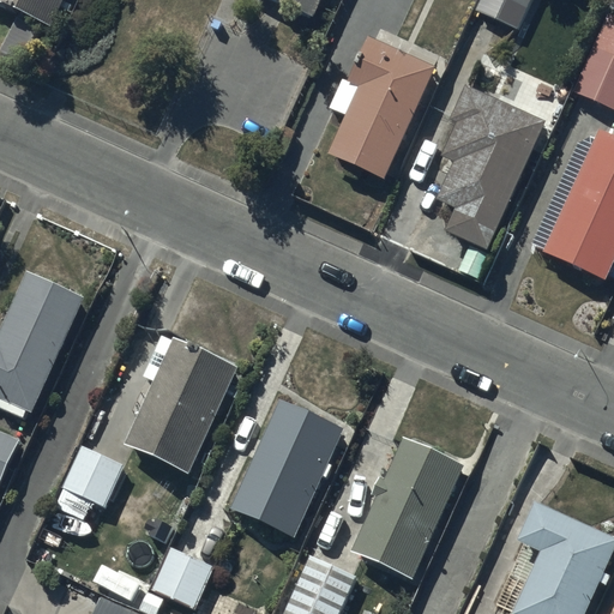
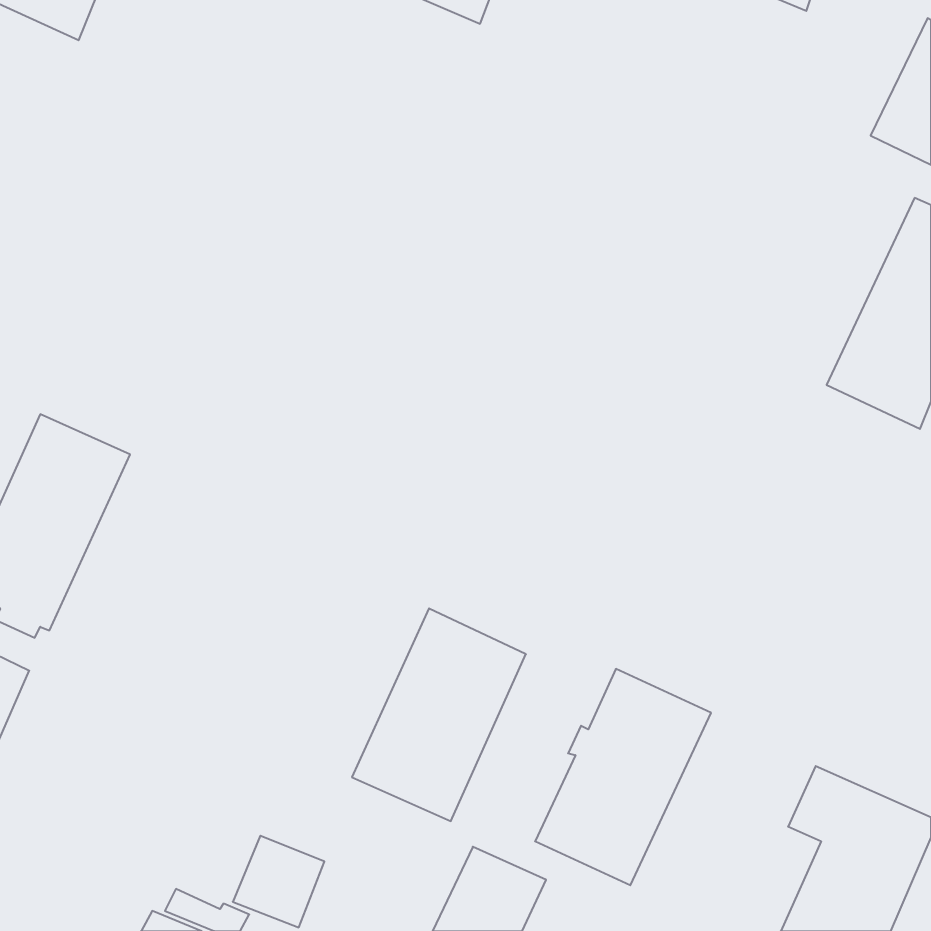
building: [329,36,437,179] -> none
building: [437,84,546,249] -> none
building: [126,338,237,472] -> none
building: [61,444,126,507] -> none

